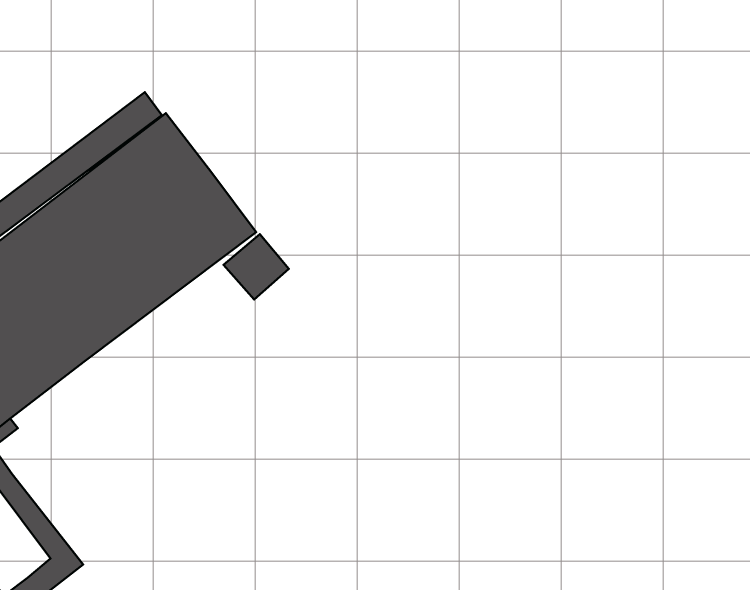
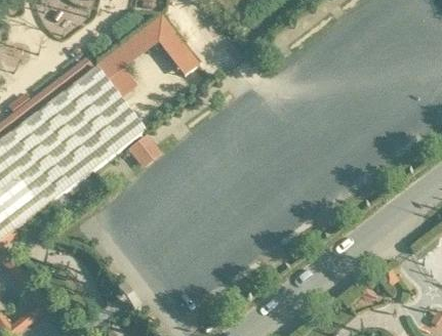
building: none -> [95,12,200,96]

